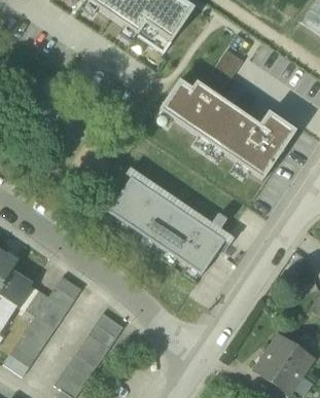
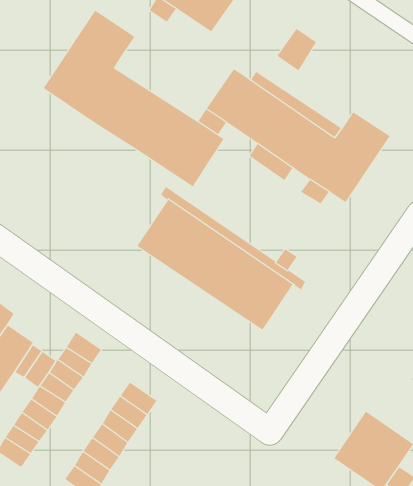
building: none -> [43,10,224,187]

